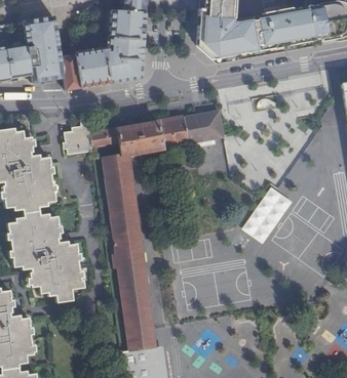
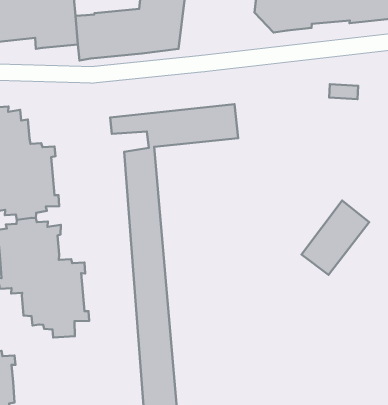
building: [186,111,227,142] -> none
building: [67,121,94,153] -> none

